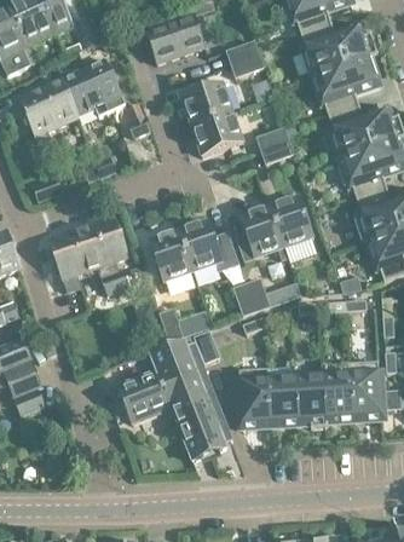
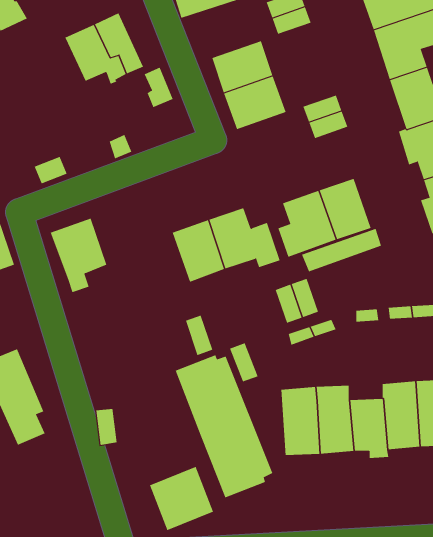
building: [17,79,77,143] -> none
building: [82,215,129,292] -> none
building: [119,369,172,422] -> [149,466,214,531]

